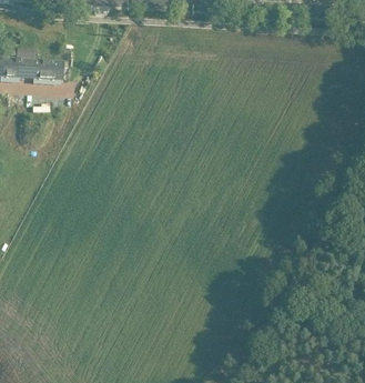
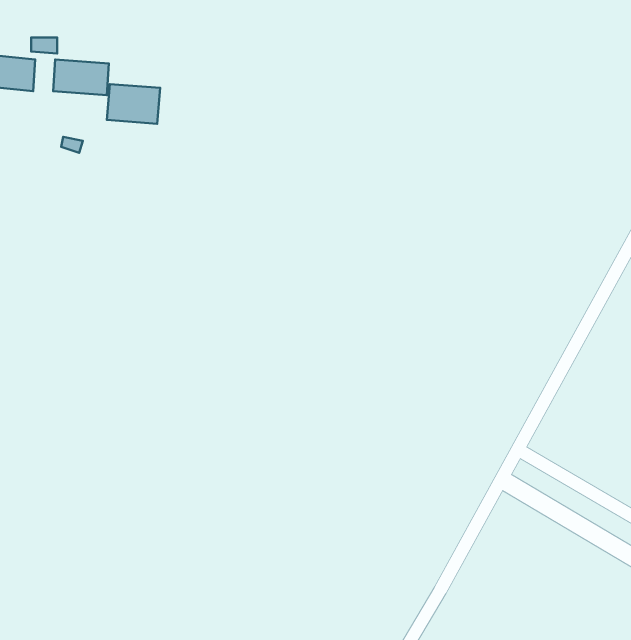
building: none -> [107,84,160,124]

